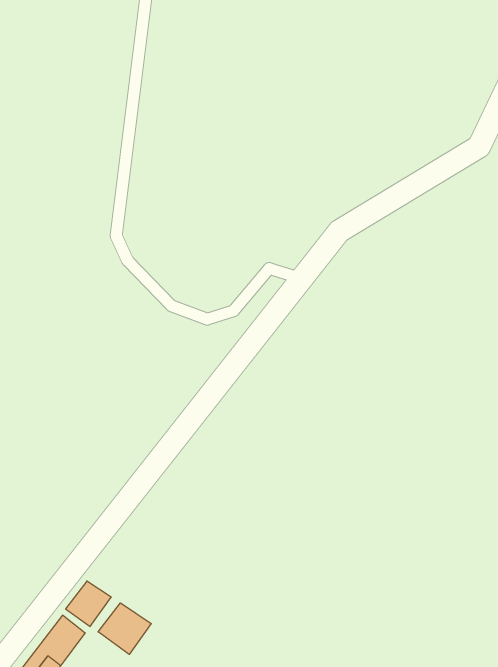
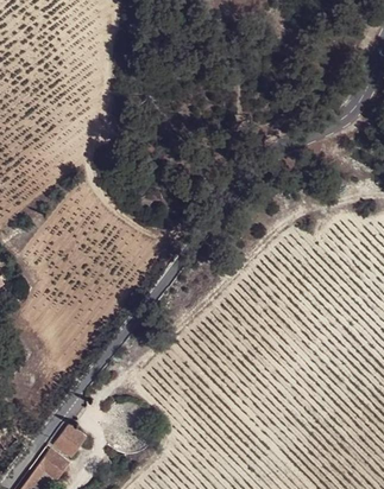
building: [98,603,151,654] -> none

